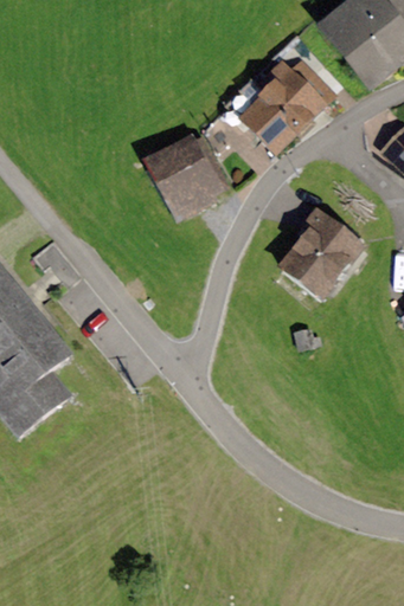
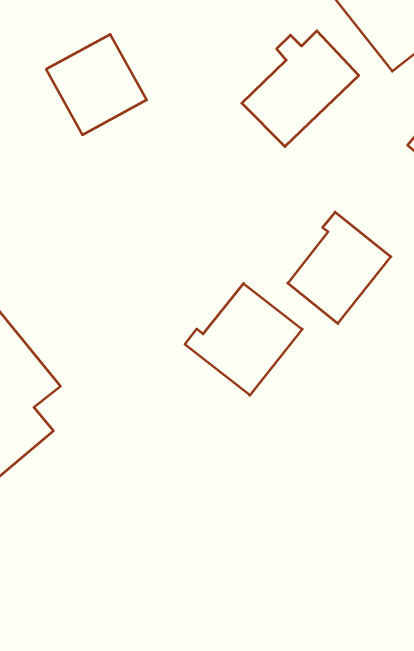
building: [142,130,227,215] -> [46,34,147,135]
building: none -> [185,283,302,395]

